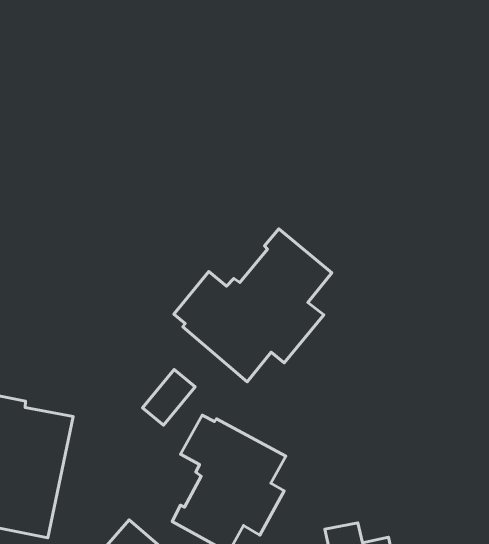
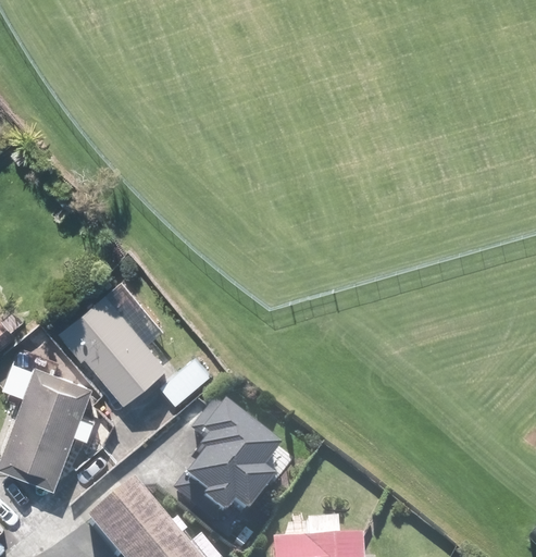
building: [174,229,332,382] -> none
building: none -> [61,290,171,400]

